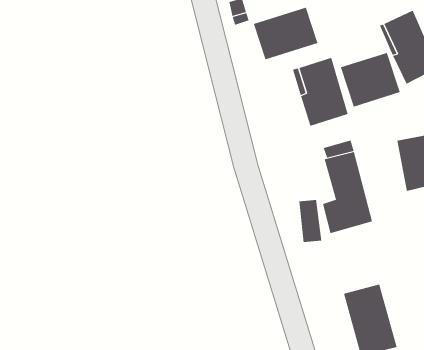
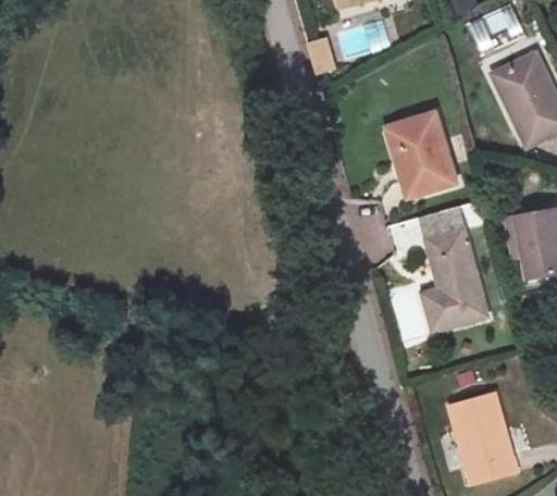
building: [253,7,318,60] -> none
building: [340,52,400,107] -> none

